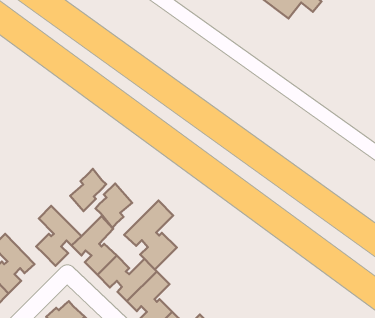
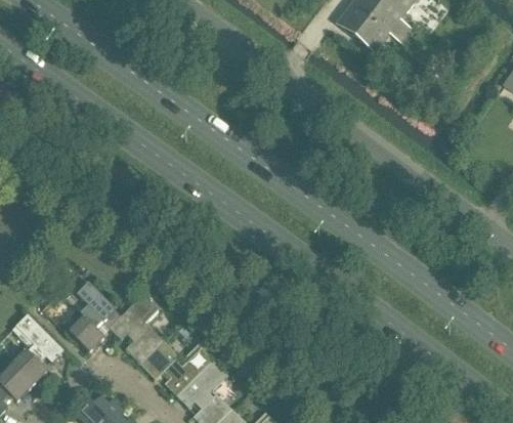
building: [70,169,106,211] -> none
building: [95,184,132,228] -> none
building: [124,201,177,270] -> none

